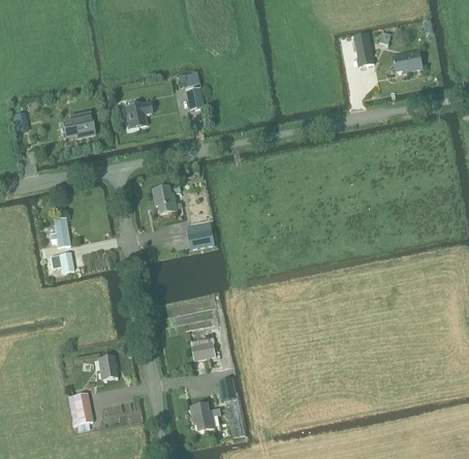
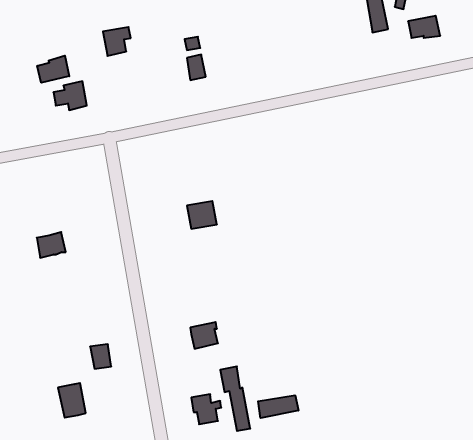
building: none -> [37,56,69,83]
building: [125,101,151,128] -> [103,27,131,56]
building: [153,184,180,213] -> none
building: [50,217,70,246] -> none
building: none -> [258,395,298,418]

